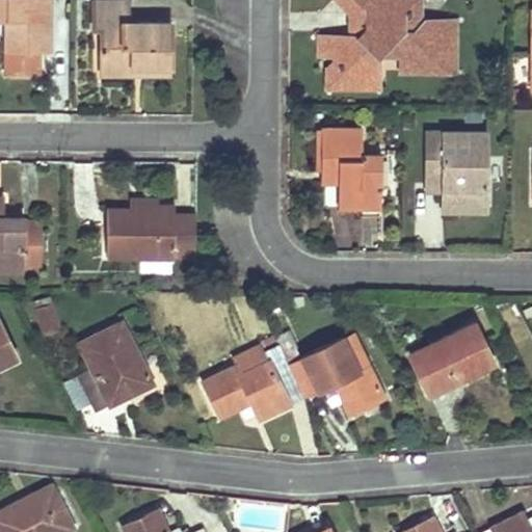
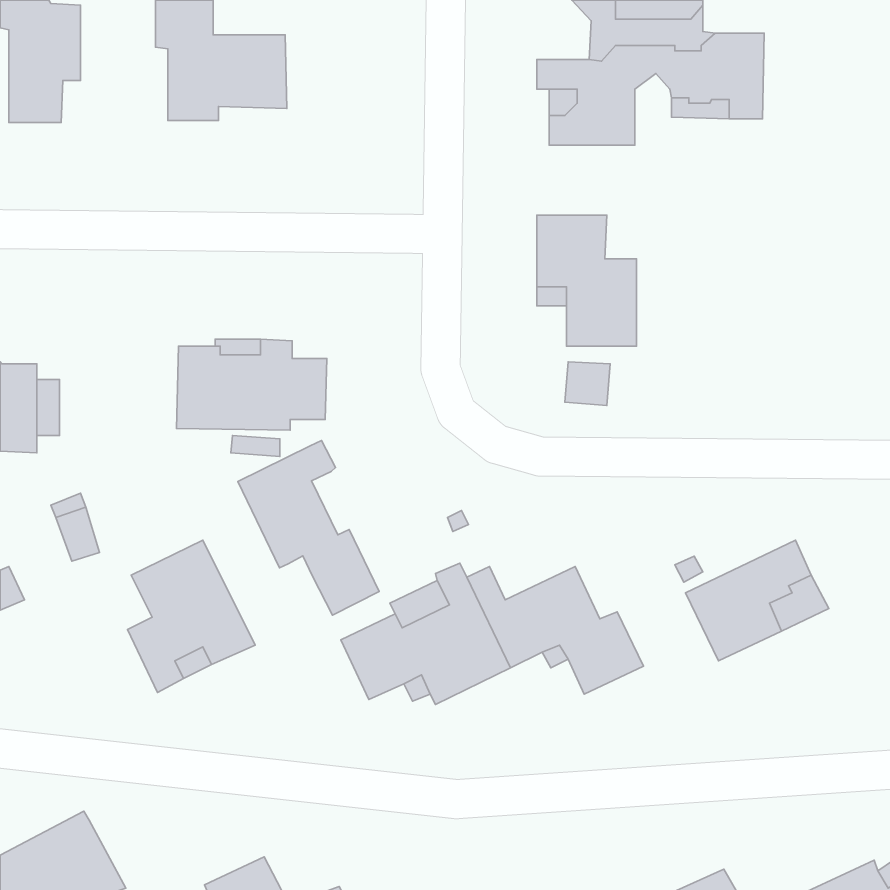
building: [425,133,488,212] -> none
building: none -> [238,441,379,615]

